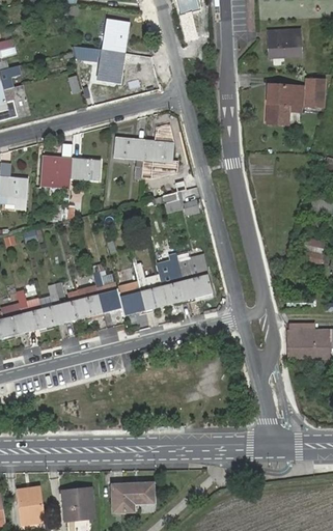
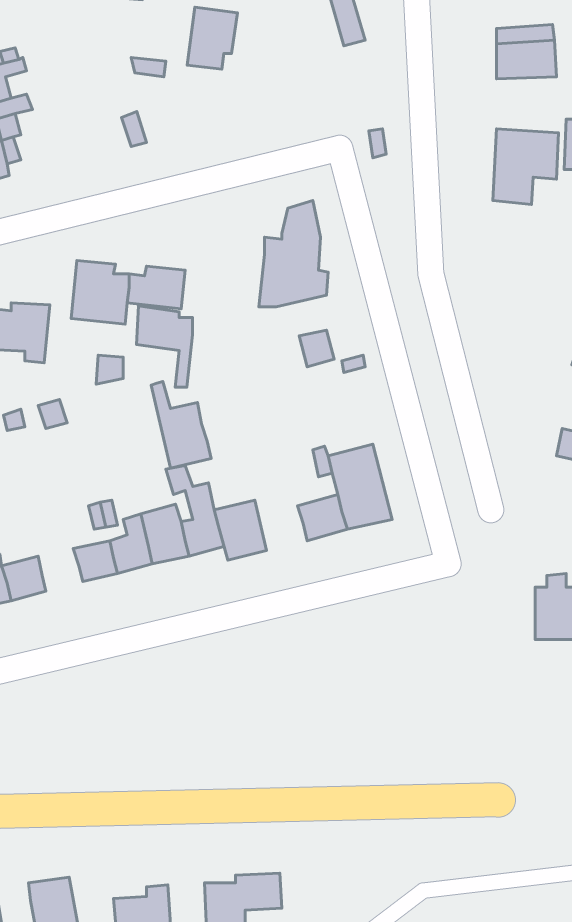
building: [98,50,123,83] -> none
building: [113,136,143,179] -> [137,306,193,387]
building: [134,263,166,310] -> [151,381,211,468]
building: [16,290,46,332] -> none

